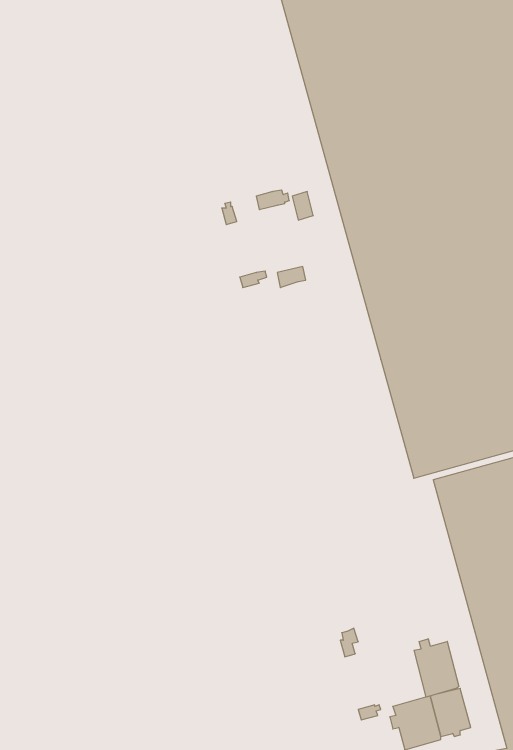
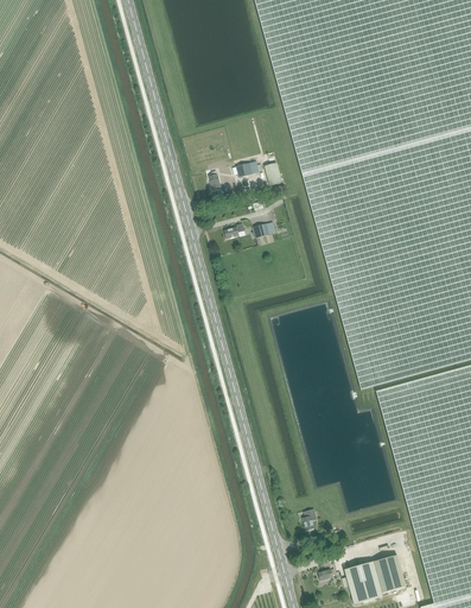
building: [414,639,459,697] -> none

